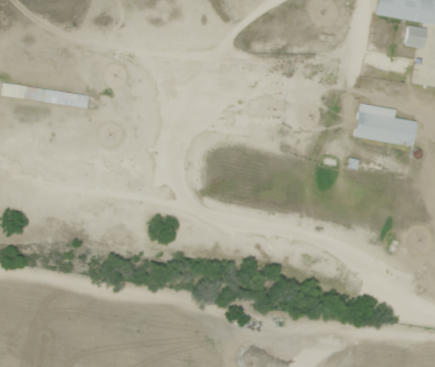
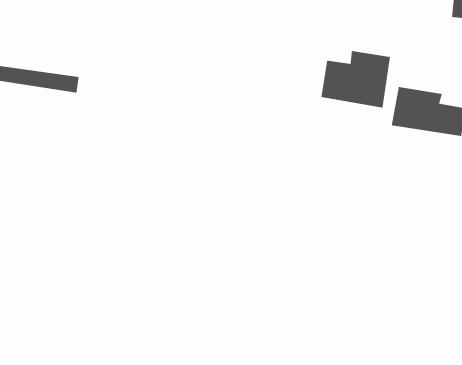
building: none -> [320,50,391,109]

